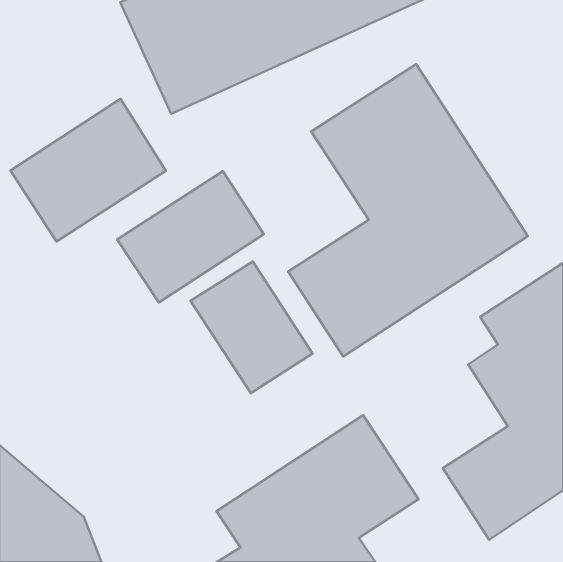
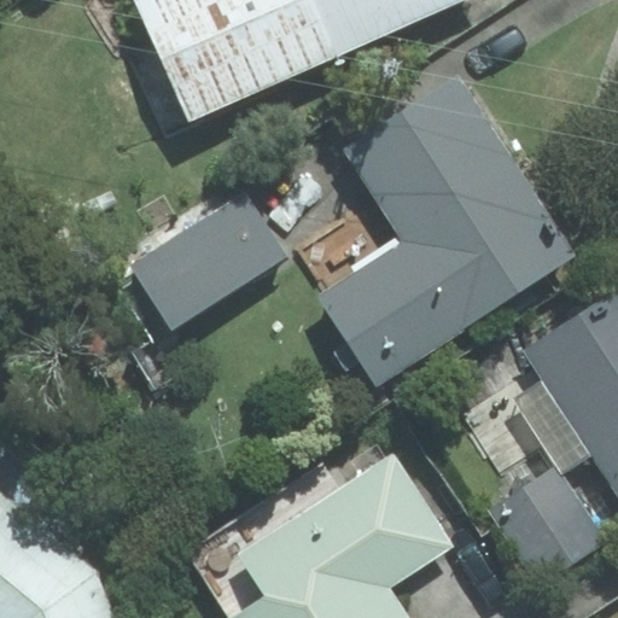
building: [11,99,166,241] -> none
building: [191,261,312,393] -> none

